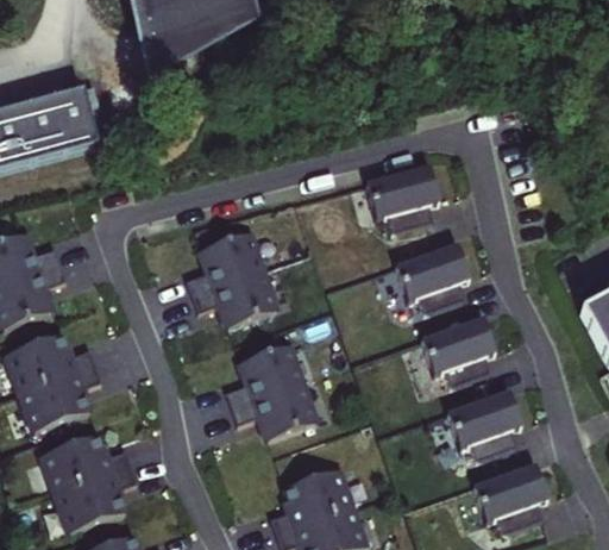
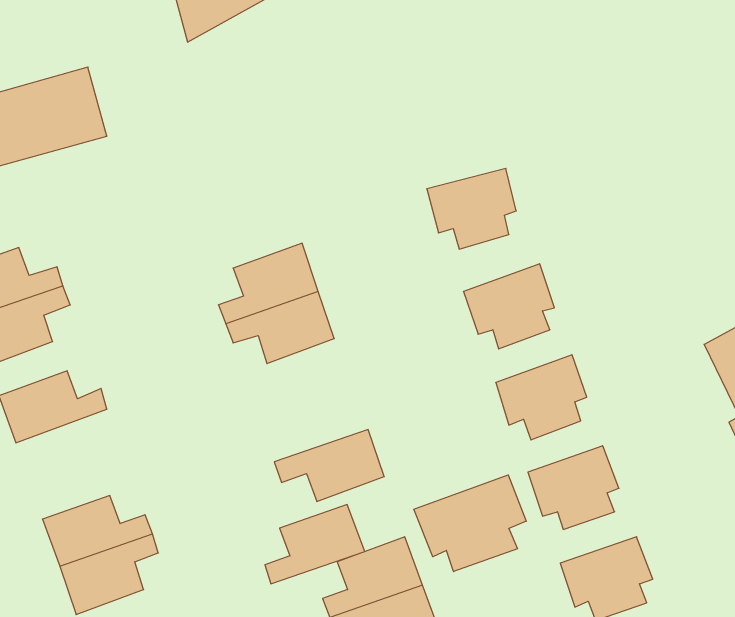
building: [226,342,307,406] -> [265,505,365,584]
building: [21,363,102,429] -> none
building: none -> [414,475,526,572]

